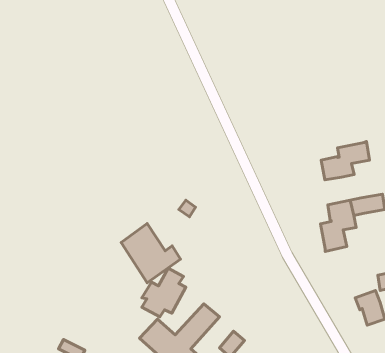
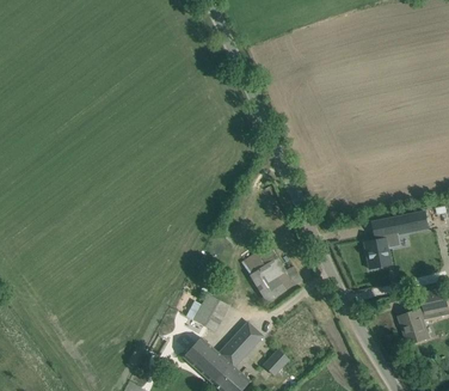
building: [321,142,370,180] -> none
building: [121,223,181,283] -> [241,244,301,304]

